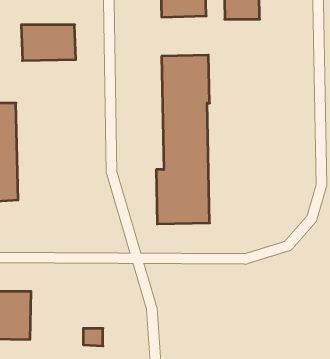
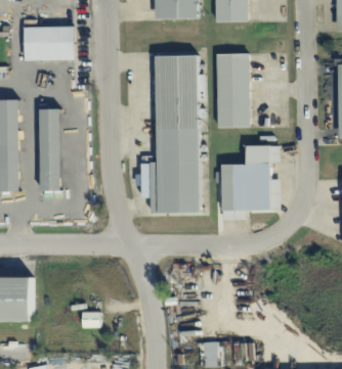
building: none -> [215,53,249,128]
building: none -> [39,109,60,191]
building: none -> [220,145,279,211]

